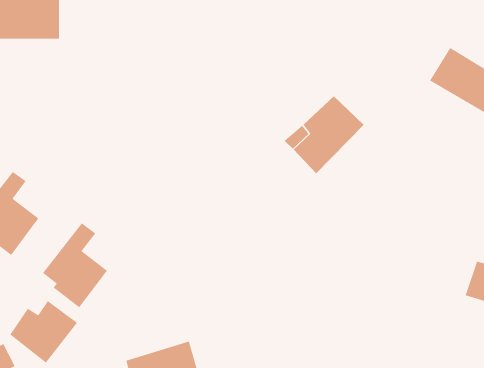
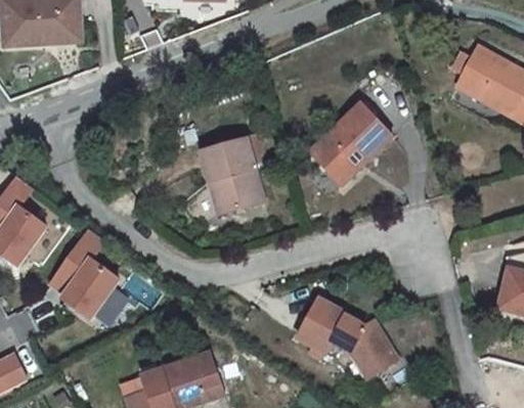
building: none -> [196,137,260,211]
building: none -> [294,296,397,378]
building: [9,300,78,364] -> none

